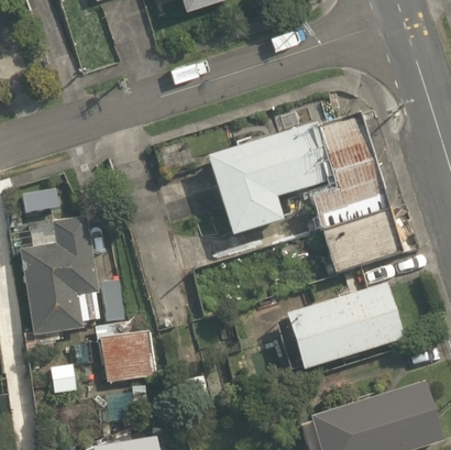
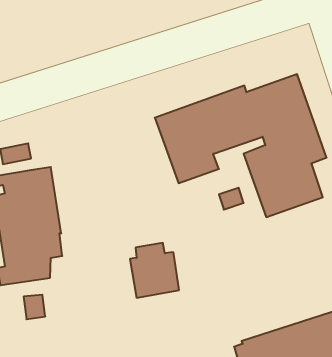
building: [277,283,407,377] -> none
building: [99,318,156,382] -> [130,243,179,298]

